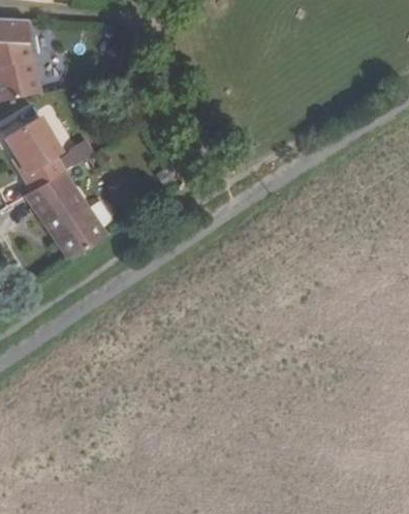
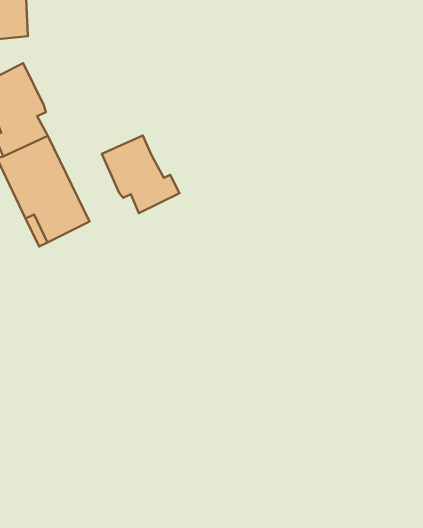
building: none -> [102,136,179,213]

